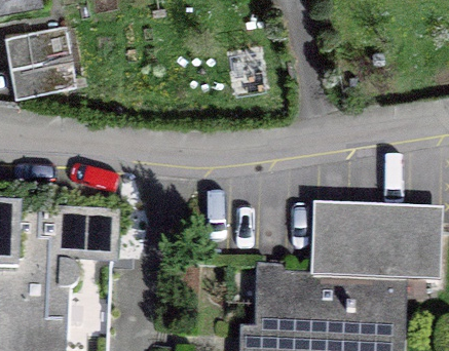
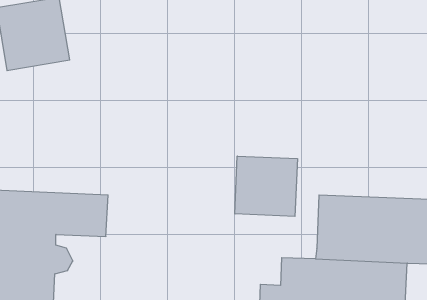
building: none -> [235,156,297,216]

